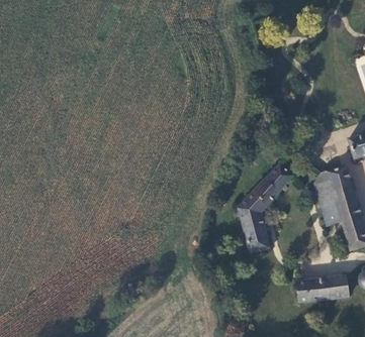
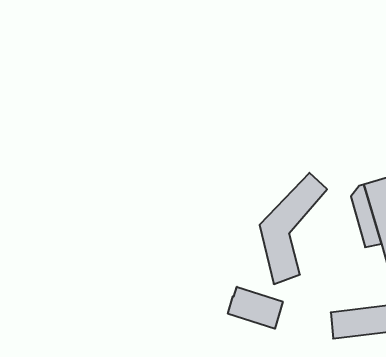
building: none -> [228,287,283,329]

